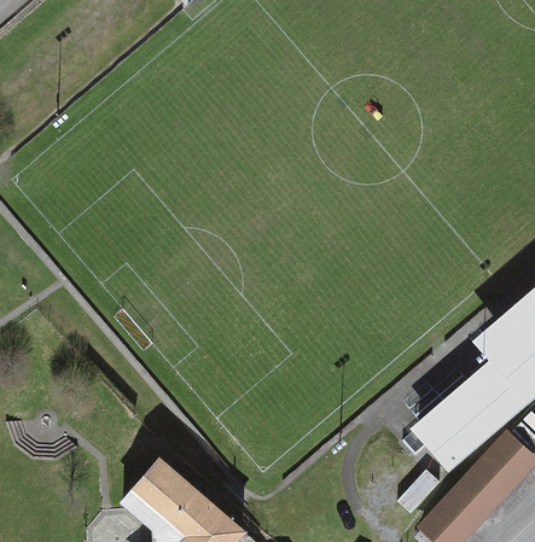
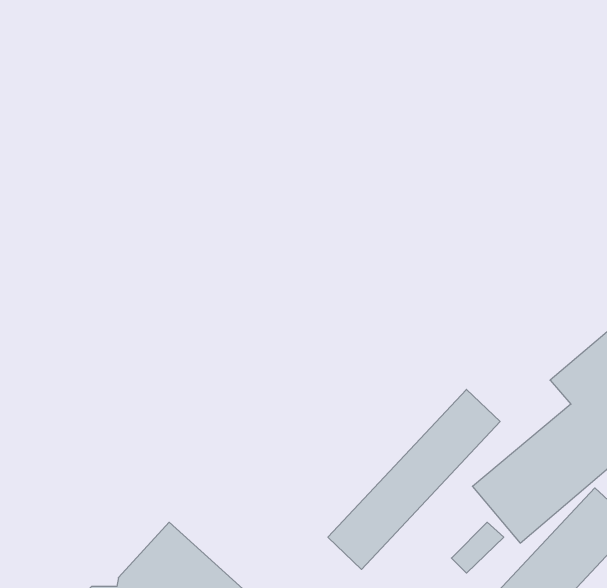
building: none -> [328,389,500,569]

